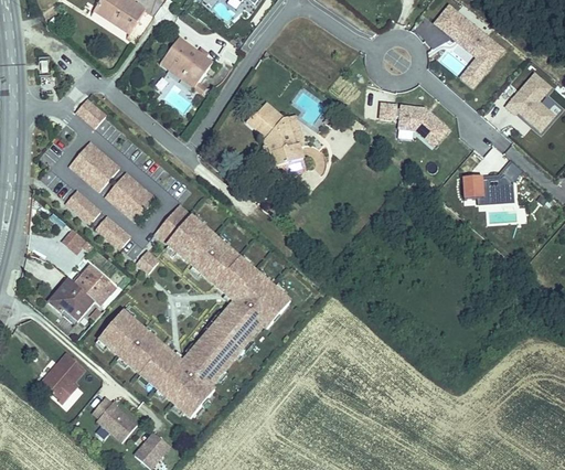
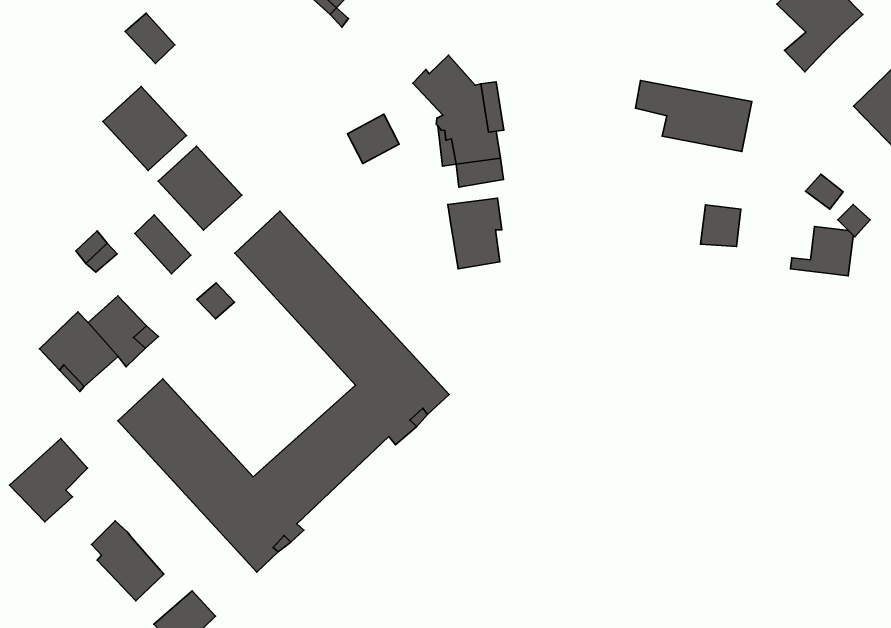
building: none -> [347,114,399,164]
building: [462,172,483,195] -> [701,205,741,247]
building: none -> [448,198,502,269]
building: [65,190,99,222] -> none

